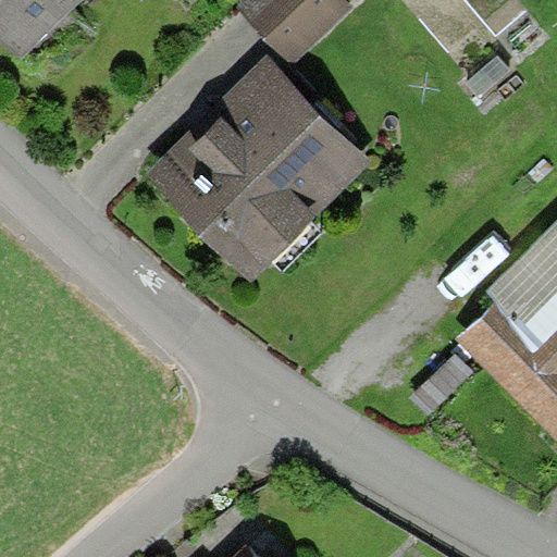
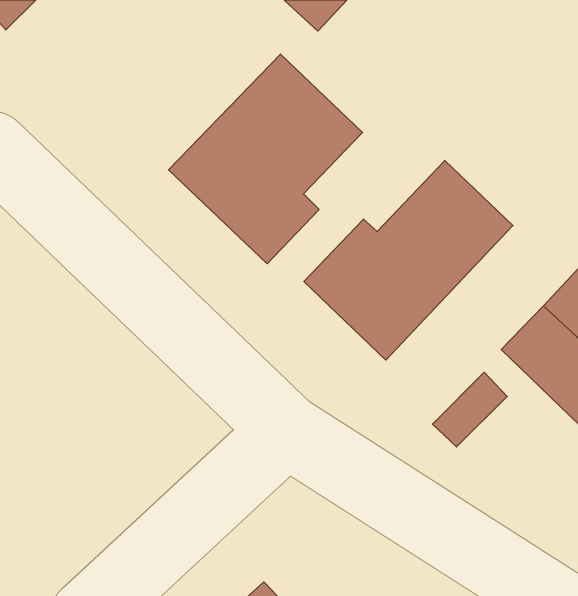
building: none -> [304,160,513,360]

